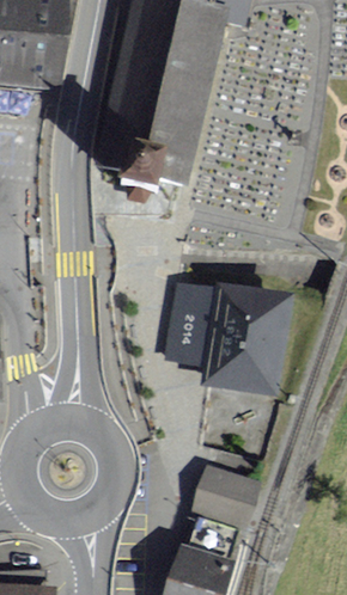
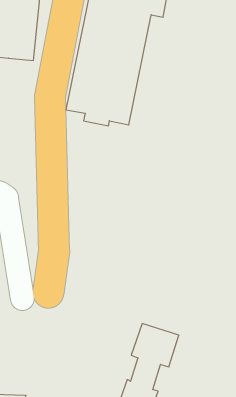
building: [169,283,288,391] -> none

